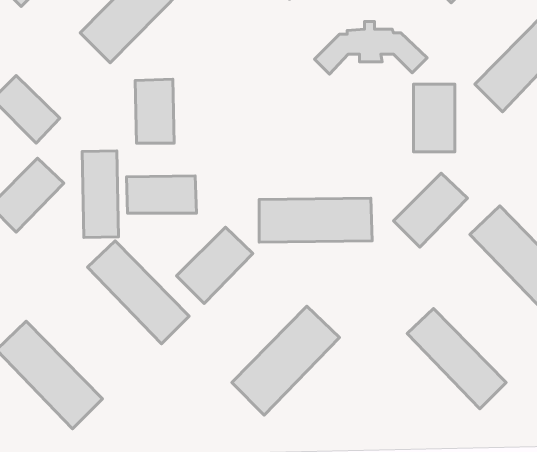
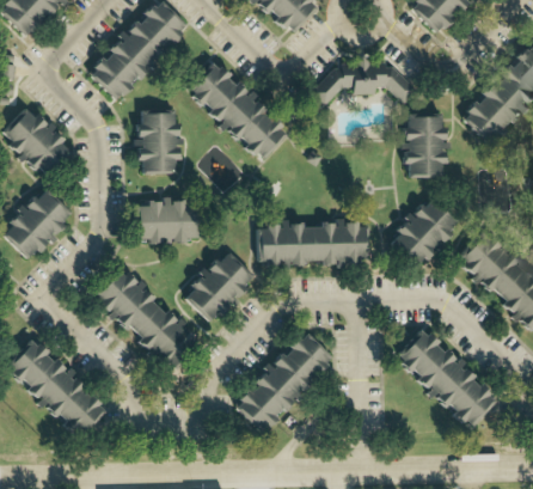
building: none -> [186,59,290,164]
building: [82,151,118,238] -> none

